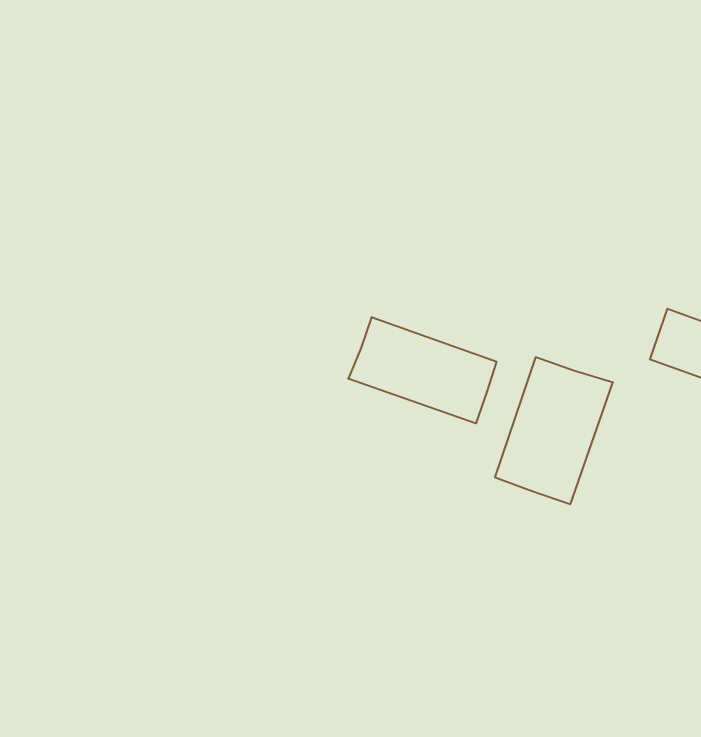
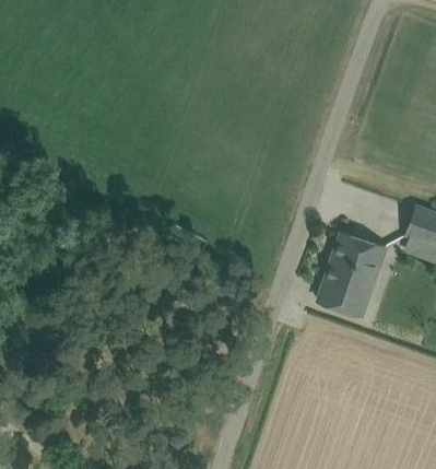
building: [348,317,497,423] -> none

